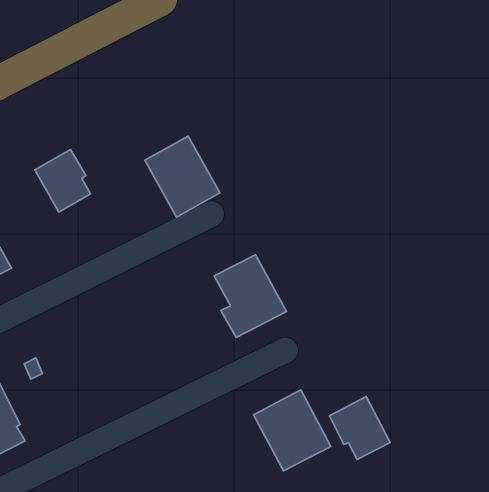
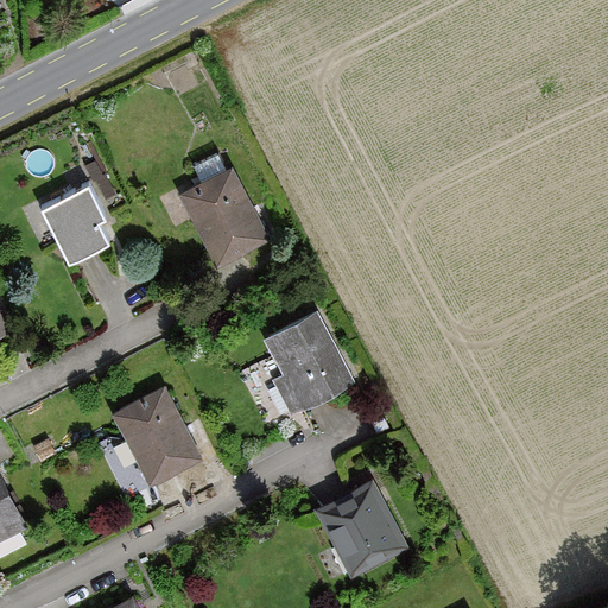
building: none -> [110,387,204,489]
building: [329,397,390,460] -> none

